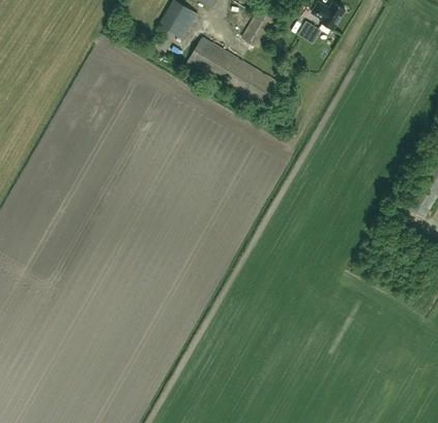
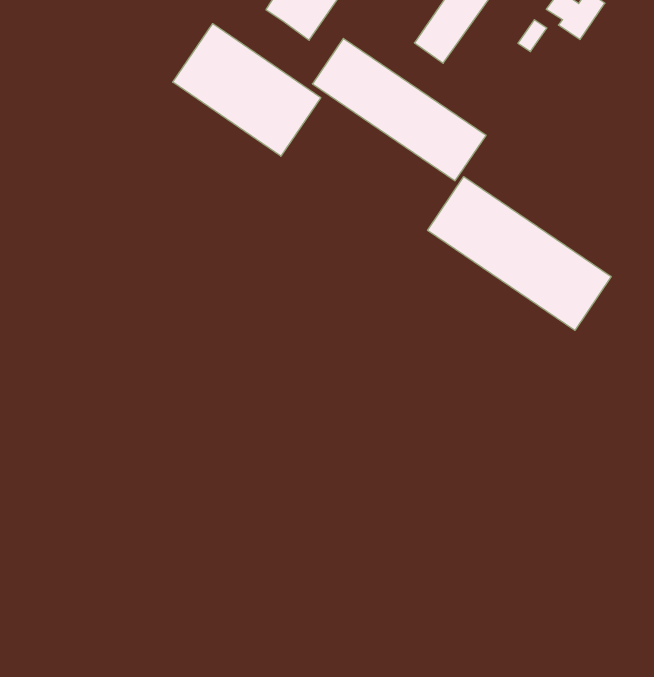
building: none -> [173,24,321,156]
building: none -> [428,177,611,330]

